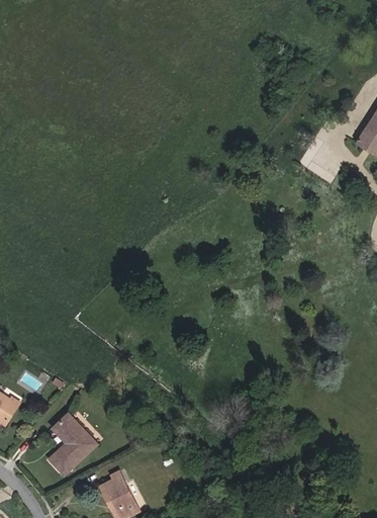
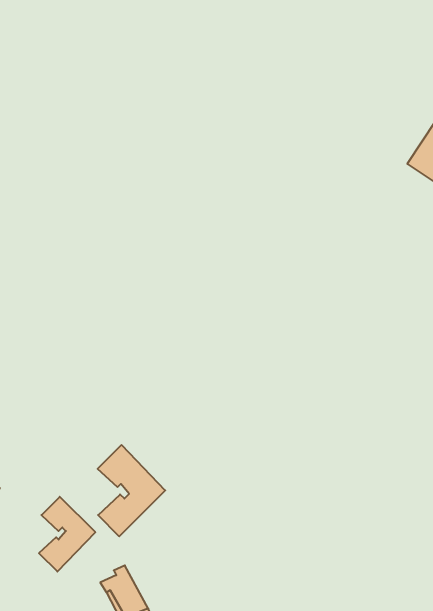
building: none -> [98,445,165,536]

